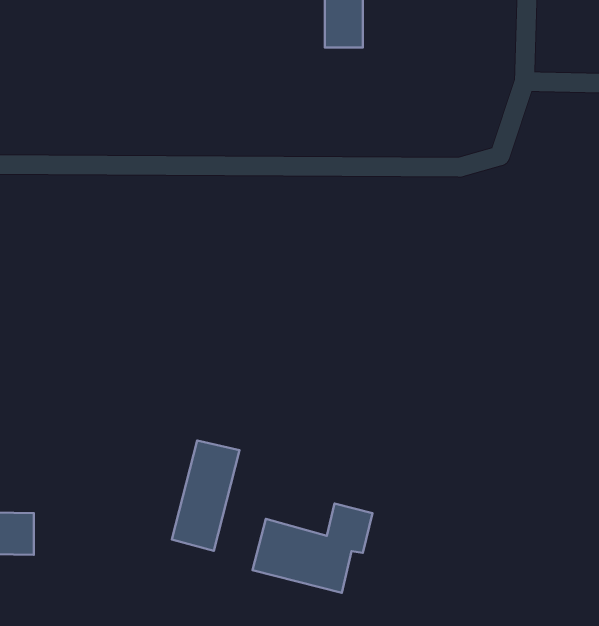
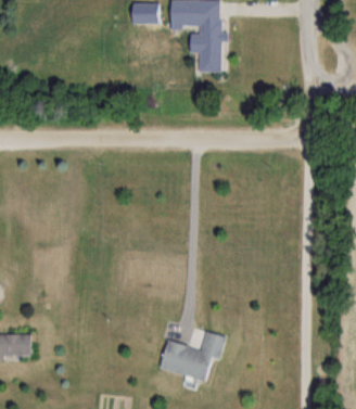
building: [172,440,240,551] -> none

